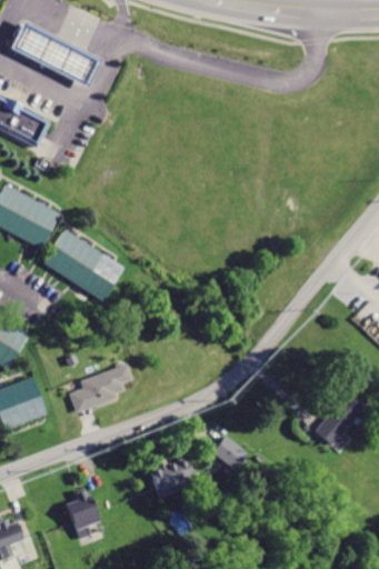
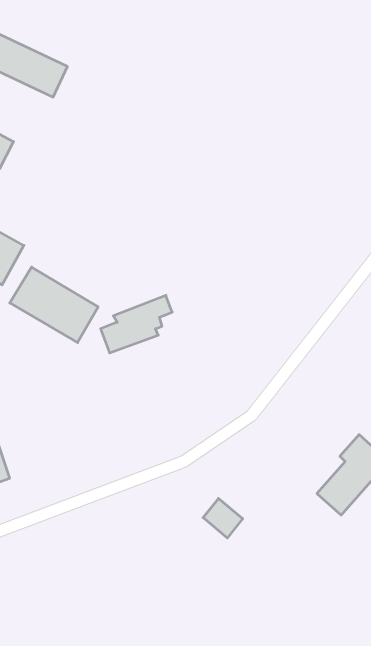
building: [70,363,132,413] -> [101,295,172,353]
building: [150,456,196,499] -> none
building: [64,486,101,538] -> none

